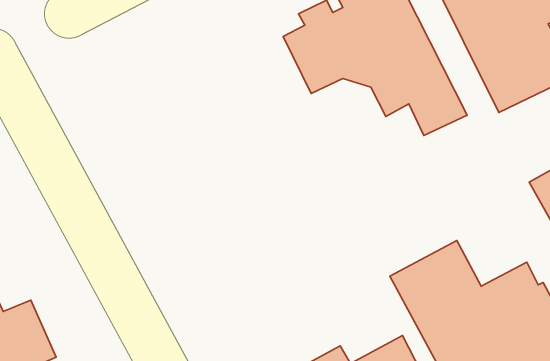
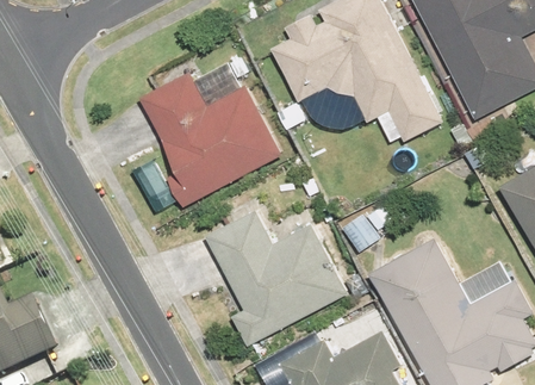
building: none -> [139,55,280,206]
building: none -> [204,210,347,346]

